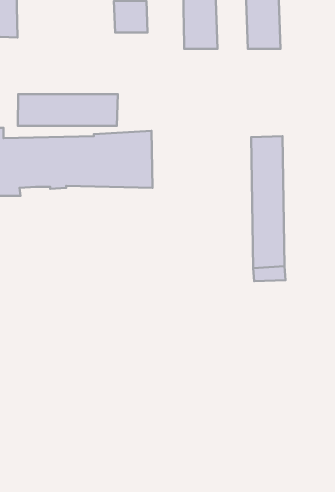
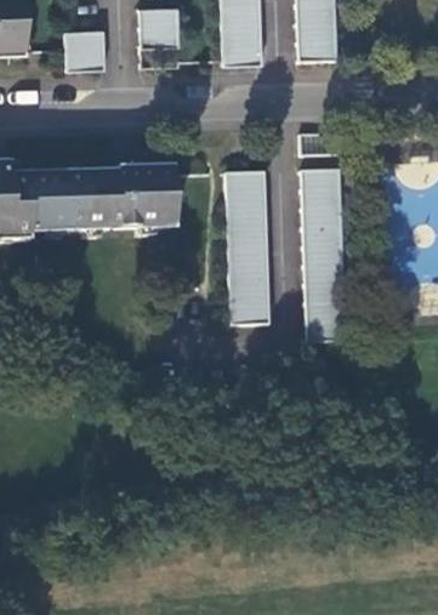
building: none -> [63,29,103,68]
building: [18,94,118,126] -> none
building: none -> [226,171,272,326]

